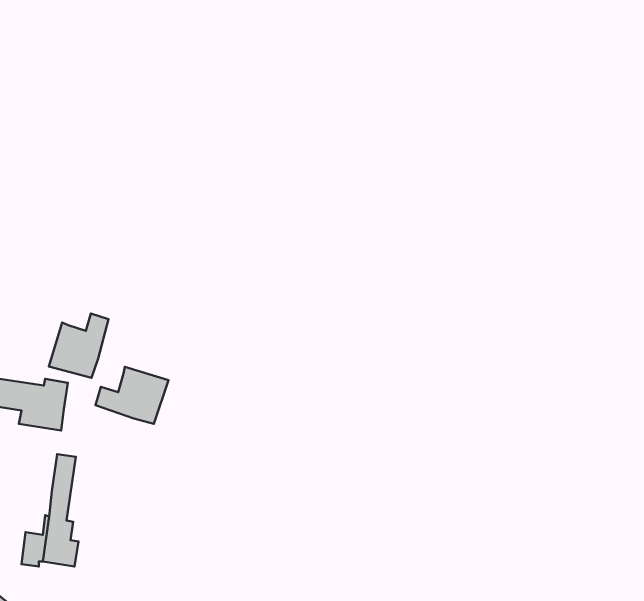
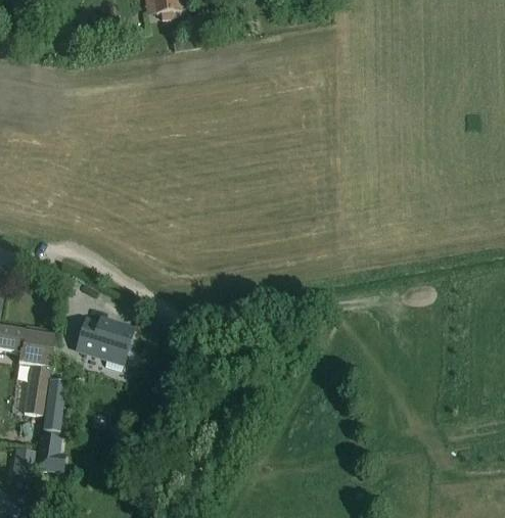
building: [49,313,108,378] -> none
building: none -> [22,366,50,413]

